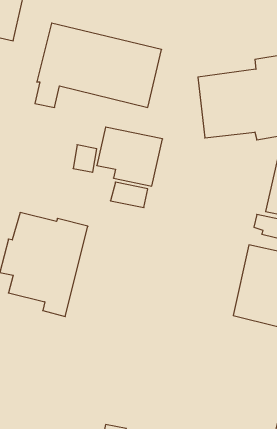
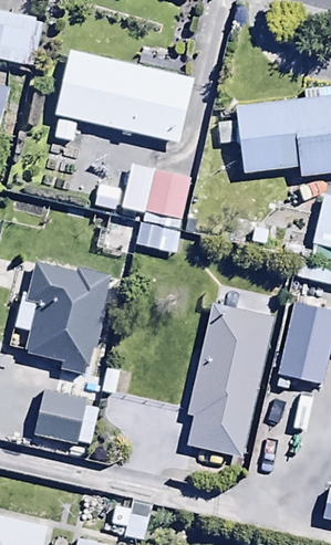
building: none -> [187,302,278,459]
building: none -> [32,390,86,446]

